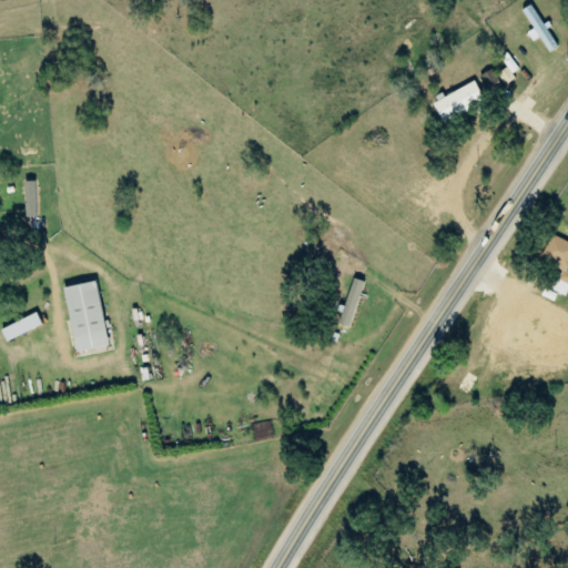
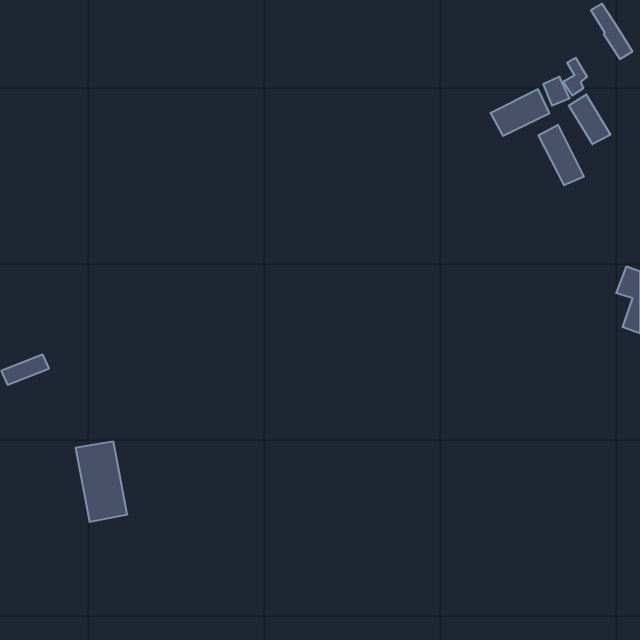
building: none -> [569,94,610,144]
building: none -> [539,125,584,185]
building: [64,281,110,352] -> [76,442,127,522]

